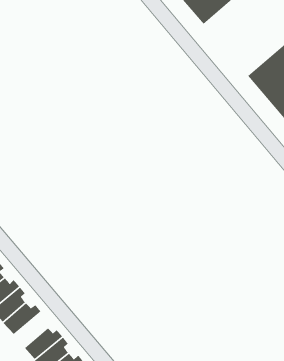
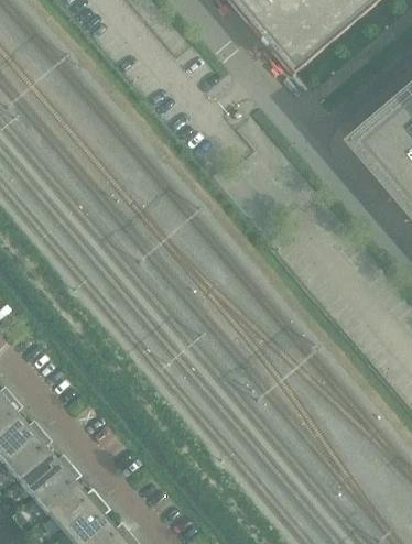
building: none -> [35,459,82,509]

